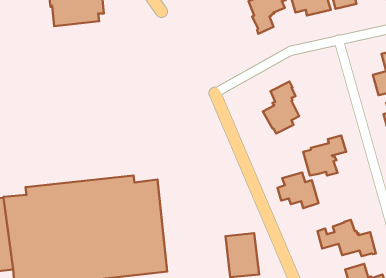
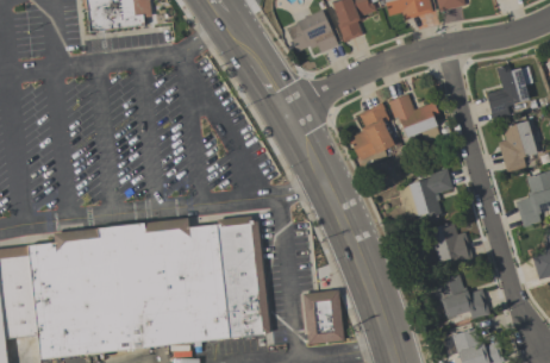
building: none -> [287,8,338,54]
building: none -> [388,94,440,143]
building: [277,173,318,208] -> [423,223,474,267]
building: none -> [217,217,270,338]

